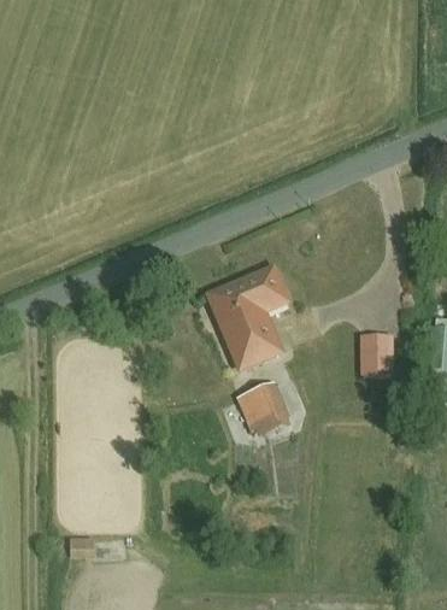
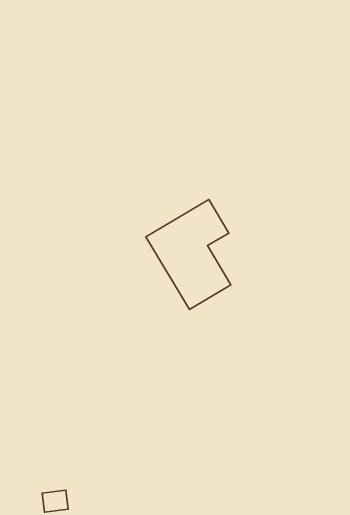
building: [360,333,395,371] -> none
building: [236,377,294,439] -> none

